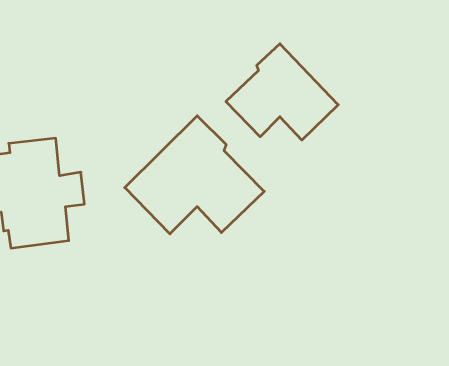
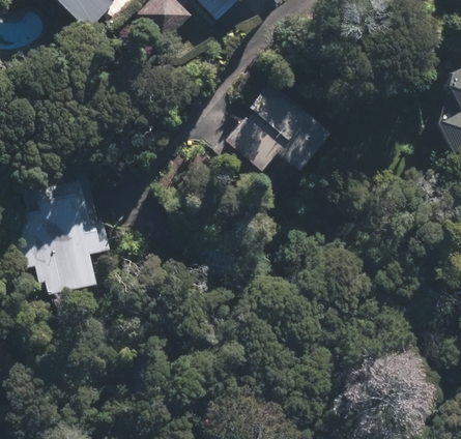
building: [125,116,264,234] -> none

